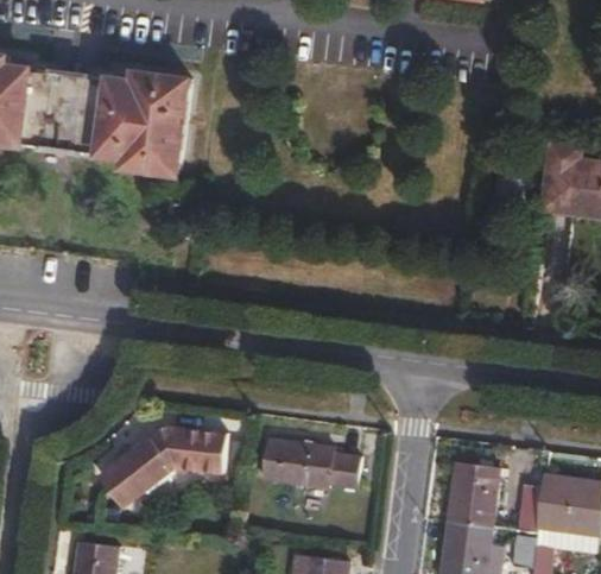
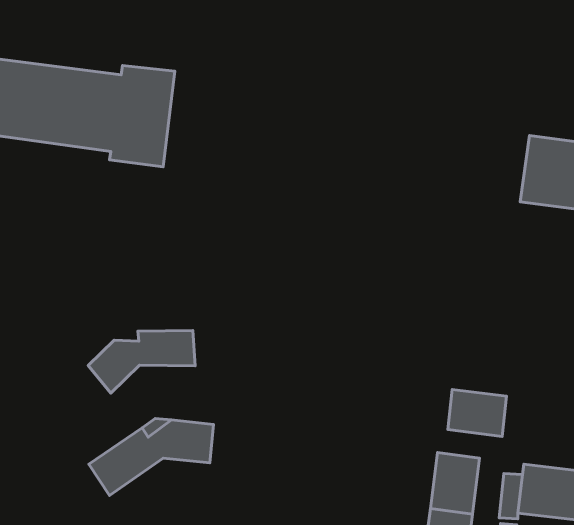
building: none -> [88,331,195,393]
building: none -> [448,390,506,436]
building: [264,439,359,487] -> none

